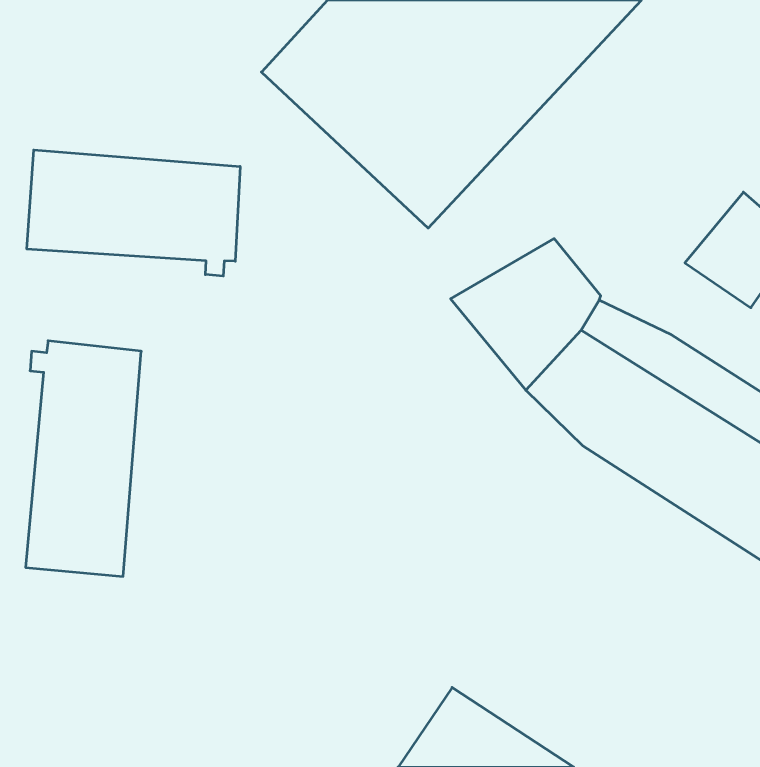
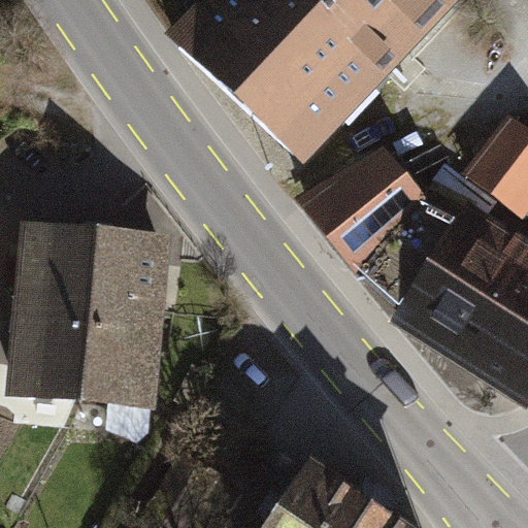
building: [27,150,240,276] -> none
building: none -> [90,241,167,402]

